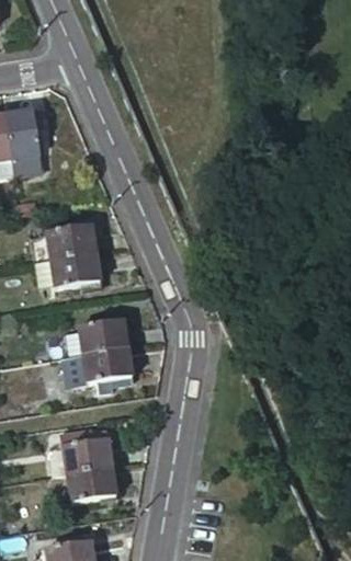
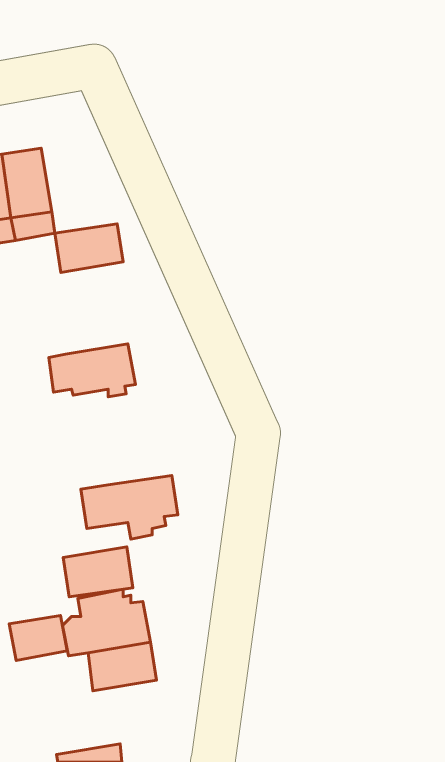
building: [46,224,95,259] -> [55,224,123,272]
building: [77,317,127,353] -> [63,547,133,597]
building: none -> [9,615,67,661]

